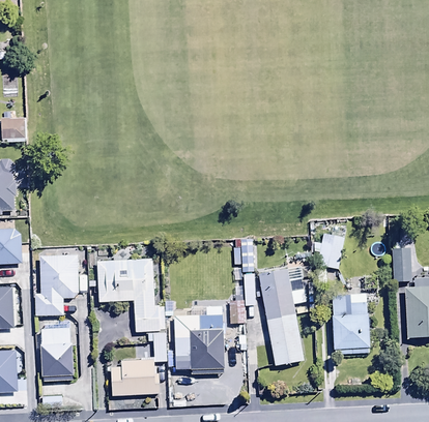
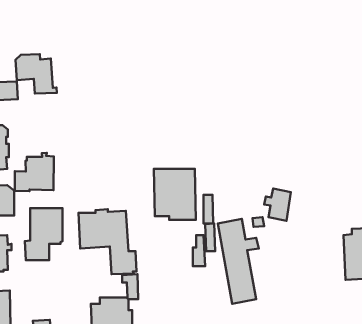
building: none -> [15,54,57,94]
building: none -> [15,153,54,191]
building: [392,243,410,281] -> none
building: [332,294,370,354] -> none
building: [174,315,223,374] -> [154,169,196,220]
building: [40,329,74,382] -> none

